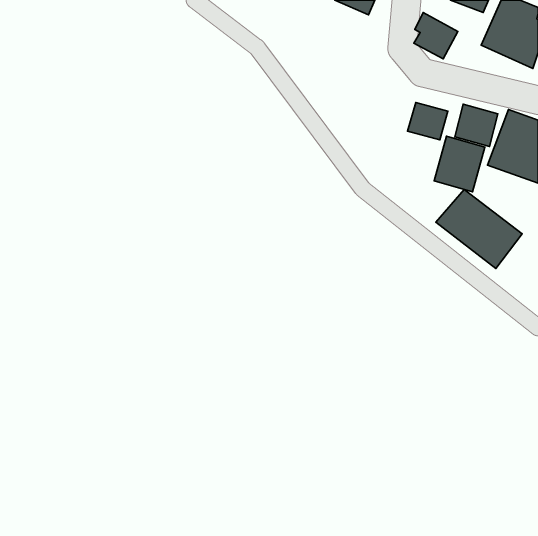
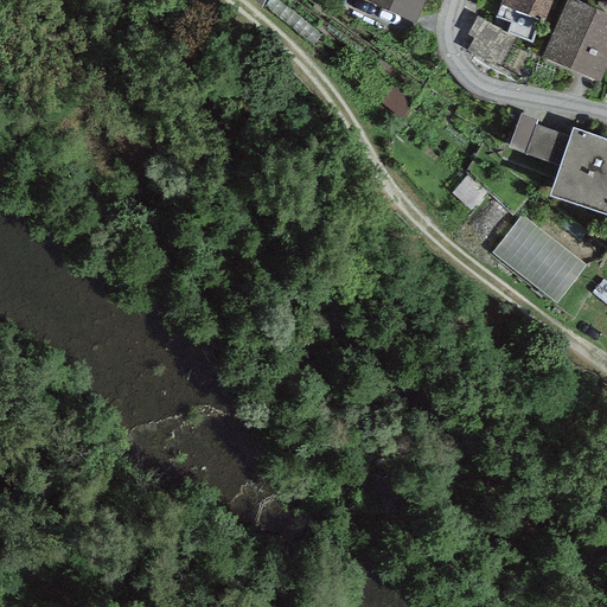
building: [408,103,448,140] -> none
building: [434,136,485,192] -> none

